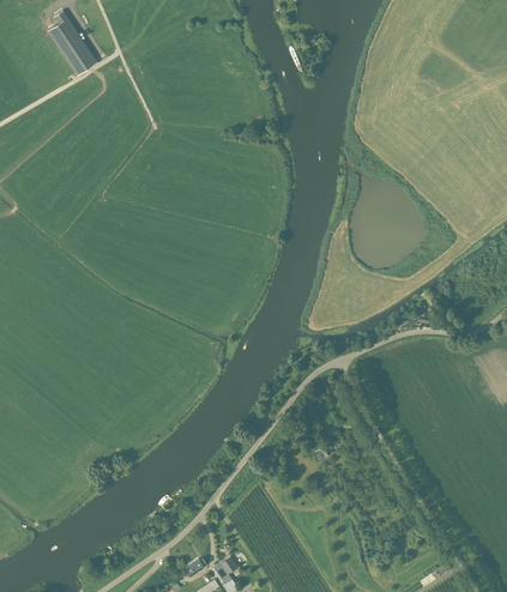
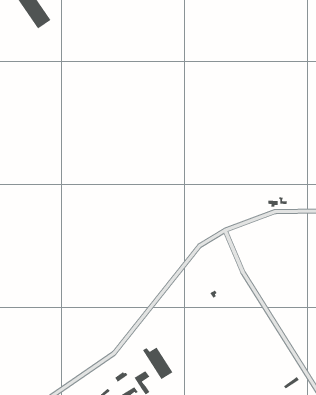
building: none -> [142,346,173,380]

